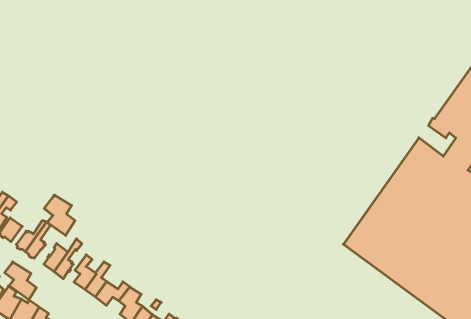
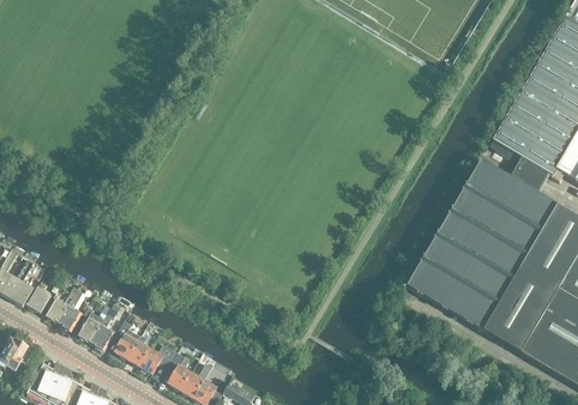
building: [44,195,75,236] -> none
building: [5,262,36,300] -> none

